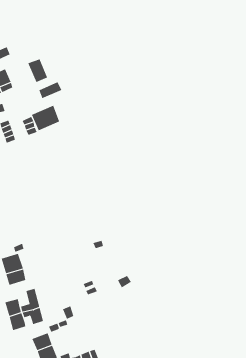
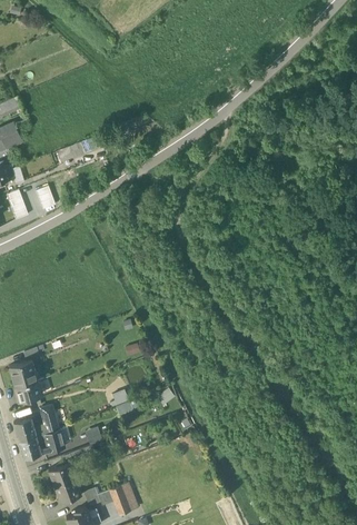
building: [27,58,48,83] -> none
building: [31,105,60,131] -> none

